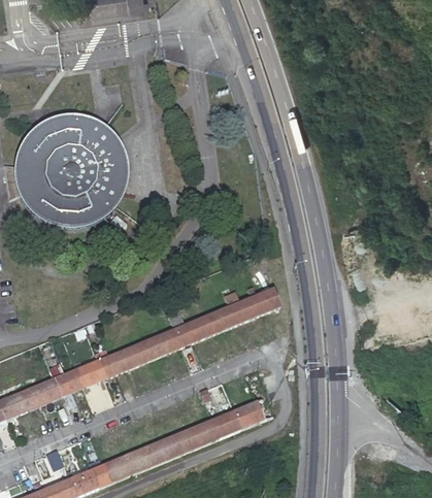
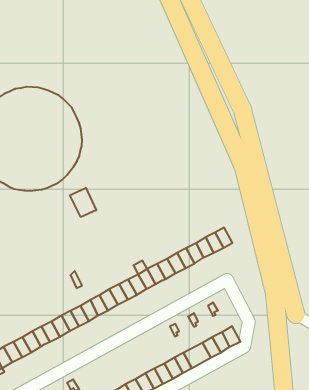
building: none -> [70,188,96,217]

